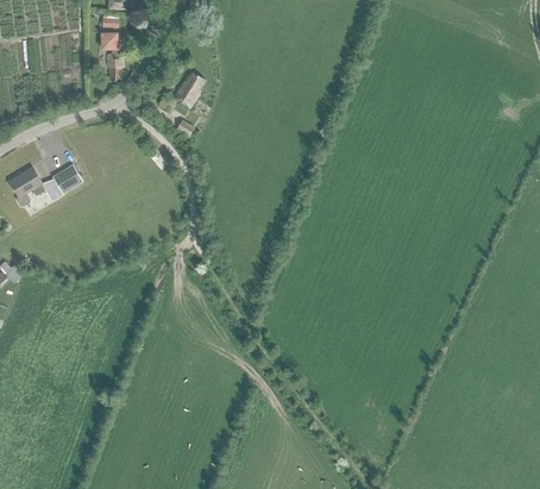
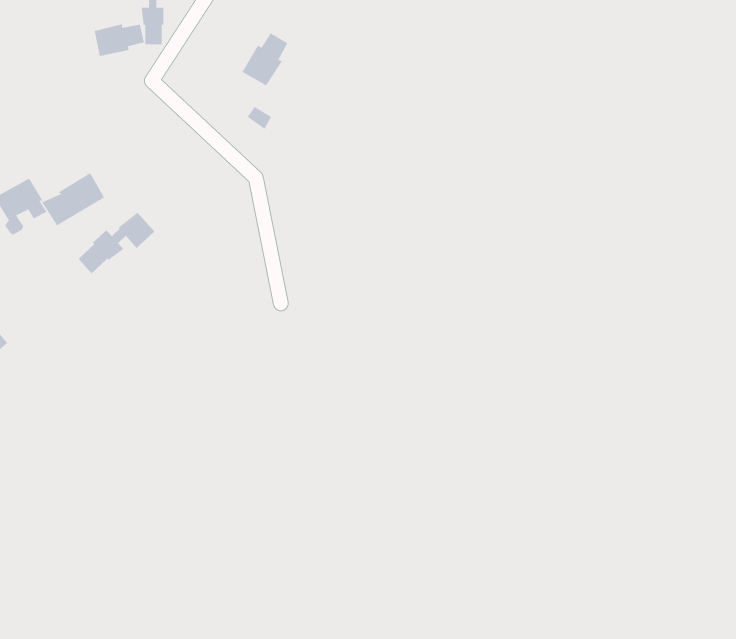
building: none -> [94,23,144,57]
building: none -> [78,212,155,274]

